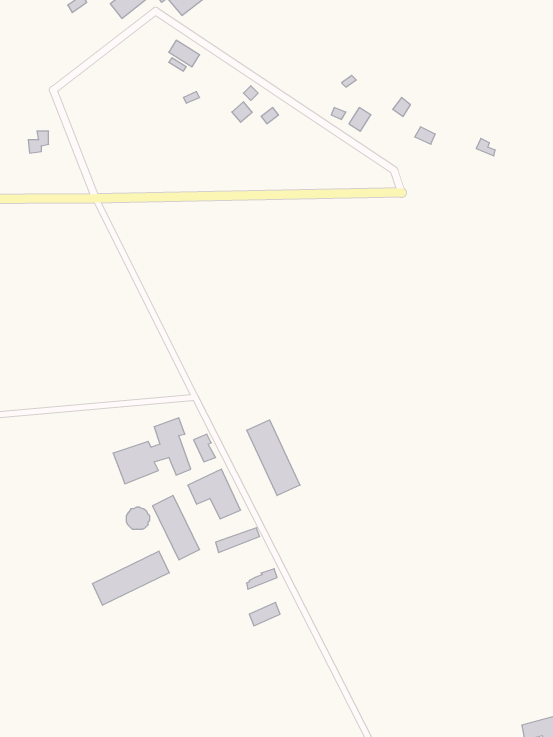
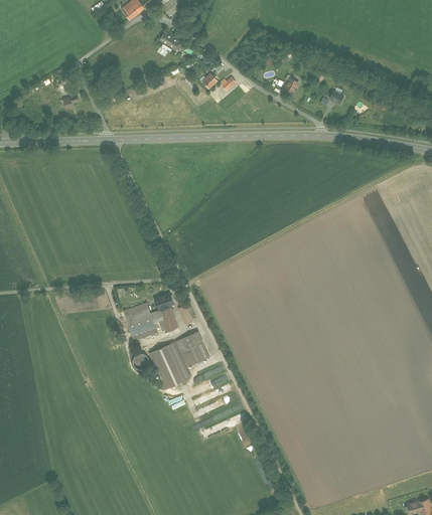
building: [247,420,300,496] -> none
building: [92,551,169,605] -> none

